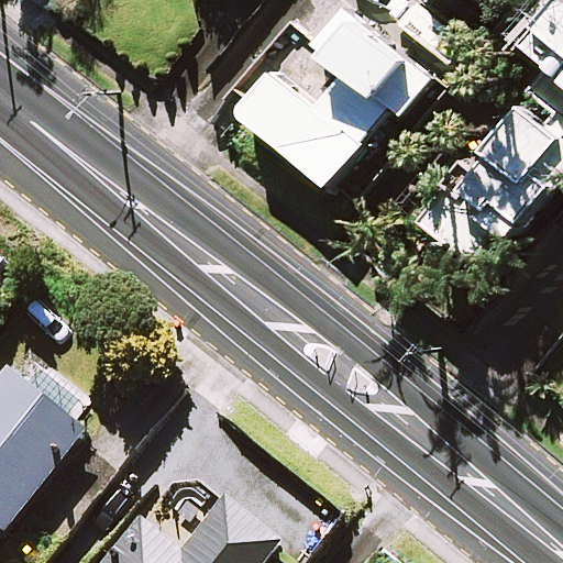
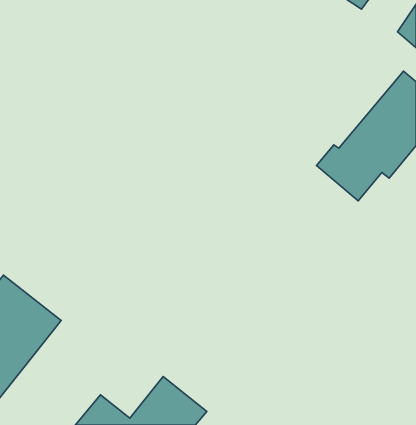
building: [240,10,427,185] -> none

